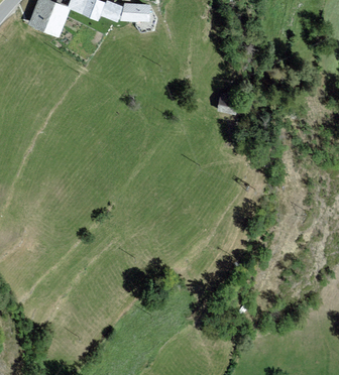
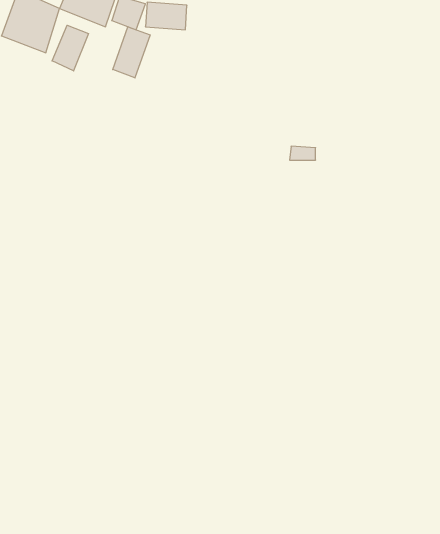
building: none -> [52,25,89,71]
building: none -> [113,27,150,78]

